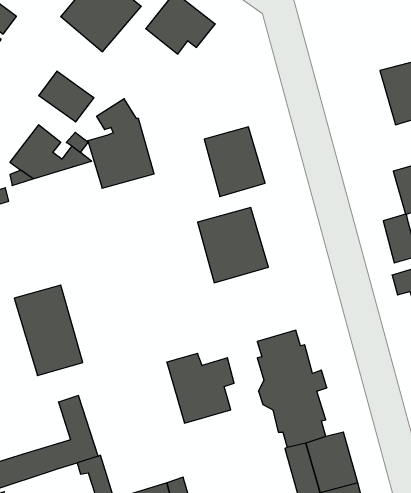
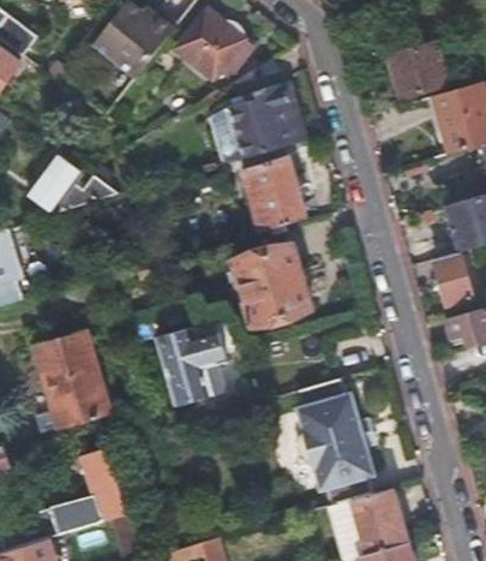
building: none -> [389,42,446,97]
building: [39,71,94,122] -> none
building: [88,99,154,188] -> [228,61,300,159]
building: [167,353,234,423] -> [152,329,226,405]

